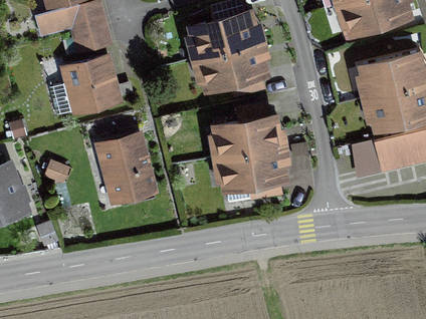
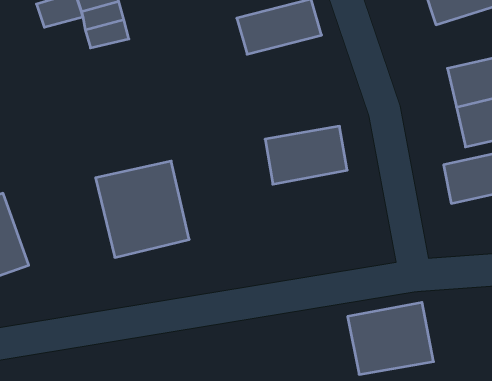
building: [201,39,267,85] -> none
building: [60,53,121,114] -> none
building: [221,144,288,201] -> [348,302,434,374]

